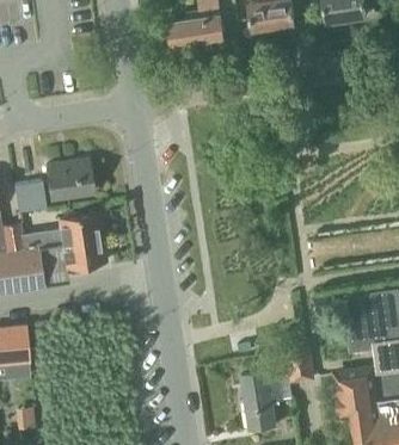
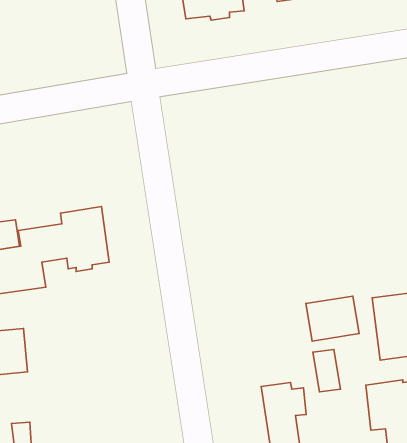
building: [45,159,92,196] -> none
building: [12,180,43,212] -> none
building: none -> [306,296,359,341]

